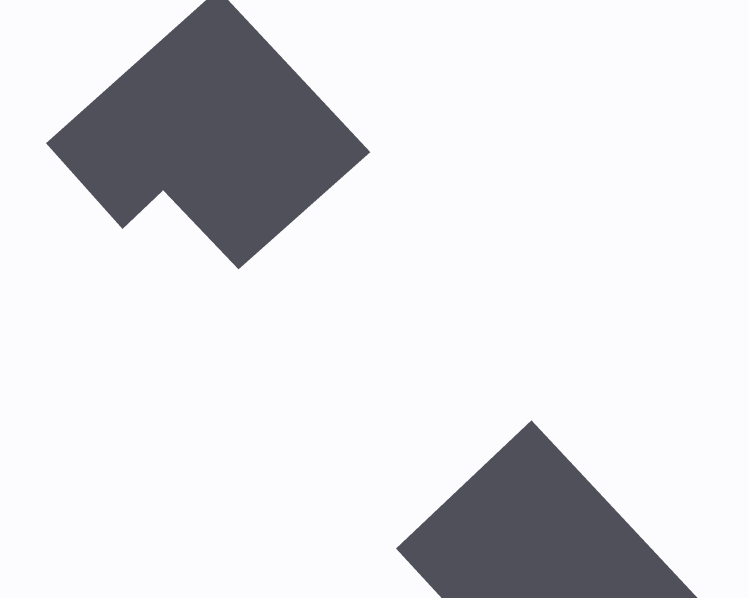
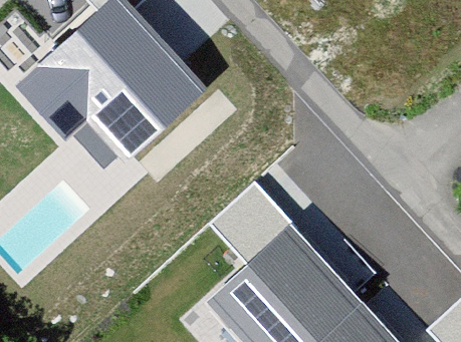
building: none -> [216,188,294,265]

